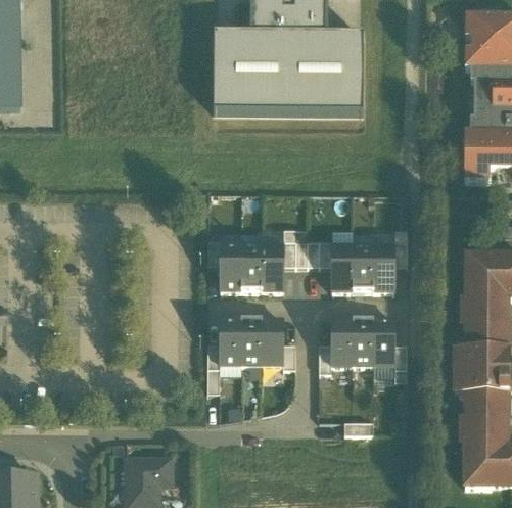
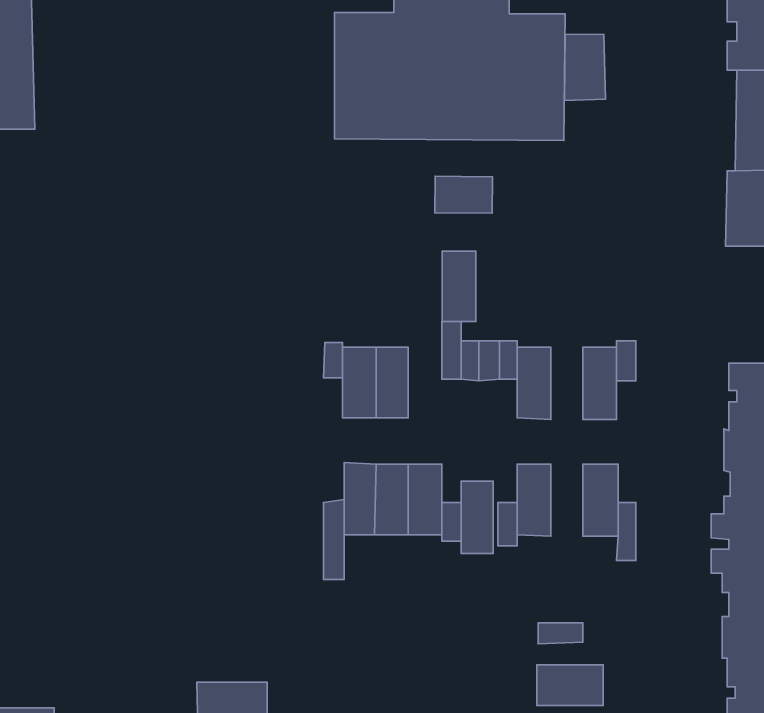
building: none -> [565,34,605,100]
building: none -> [435,176,493,213]
building: [262,244,283,289] -> [442,251,476,322]
building: [353,244,373,290] -> none
building: [353,319,373,365] -> [461,481,493,553]
building: none -> [537,665,603,706]

